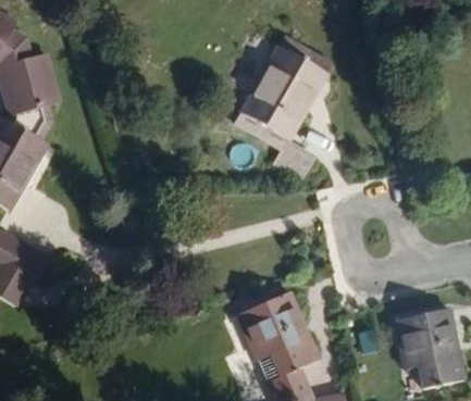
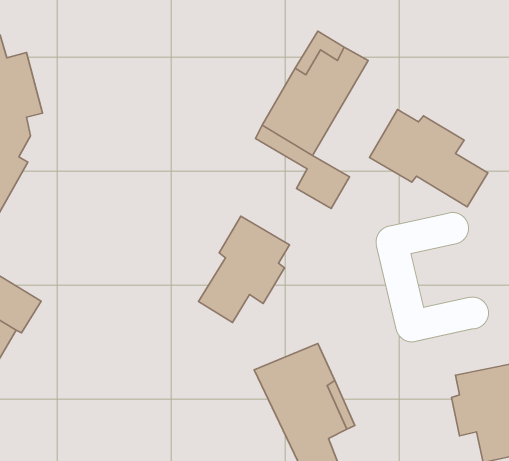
building: none -> [369,110,488,207]
building: none -> [198,216,289,323]

